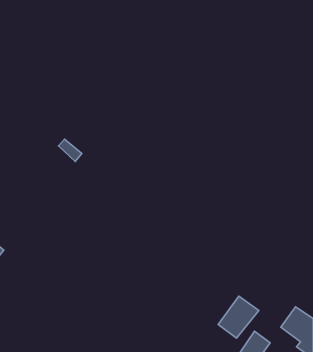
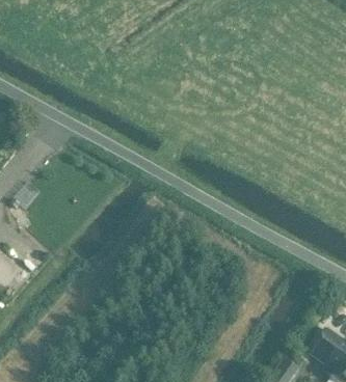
building: [218,296,259,338] -> none

